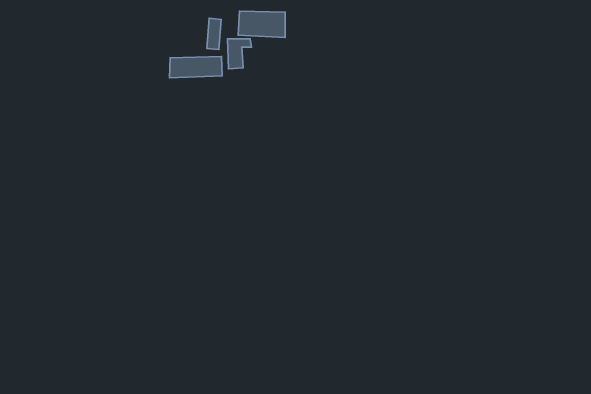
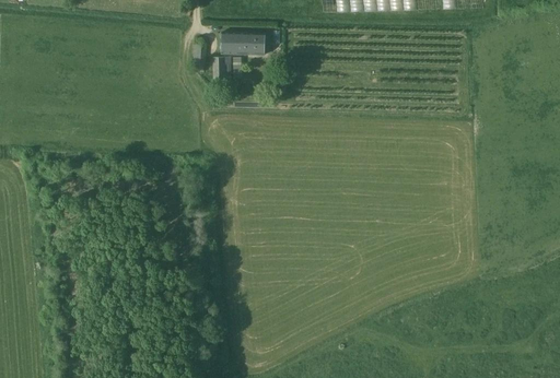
building: [170,57,222,78] -> none

